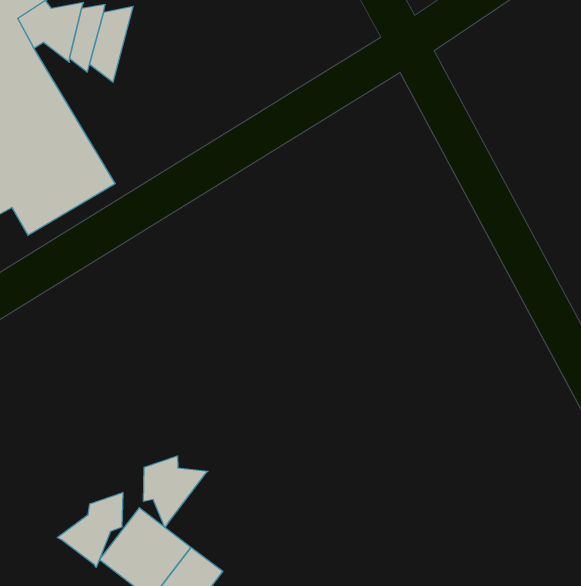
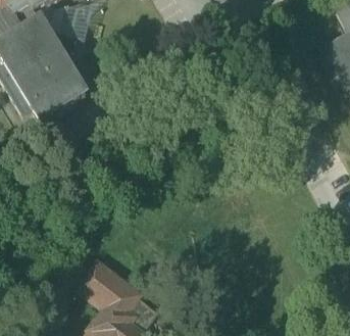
building: [144,456,208,527] -> none
building: [57,492,123,567] -> none

